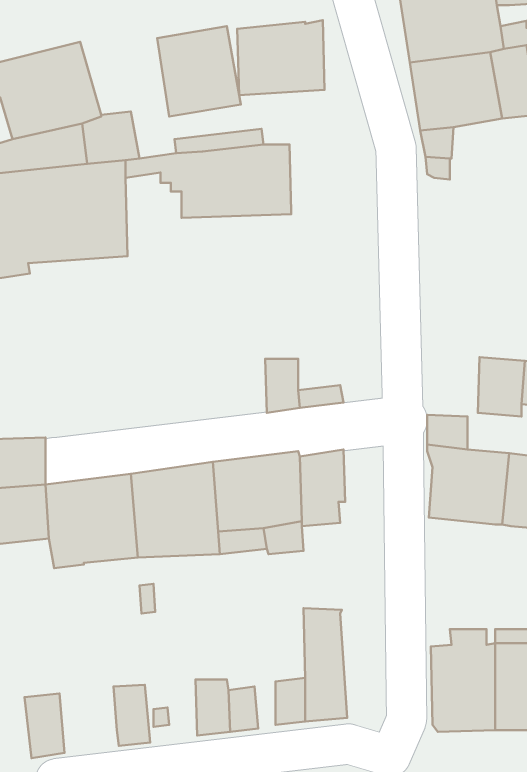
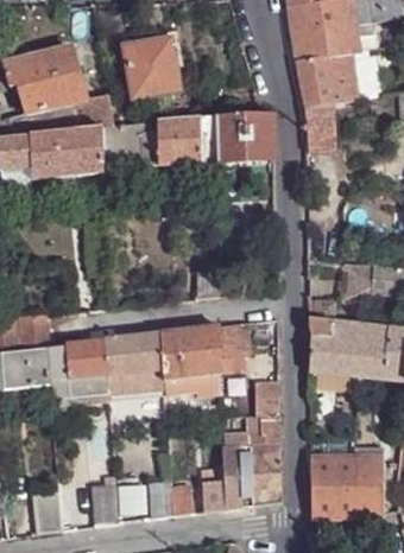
building: [237,20,324,95] -> [213,109,272,160]
building: none -> [247,382,280,506]

